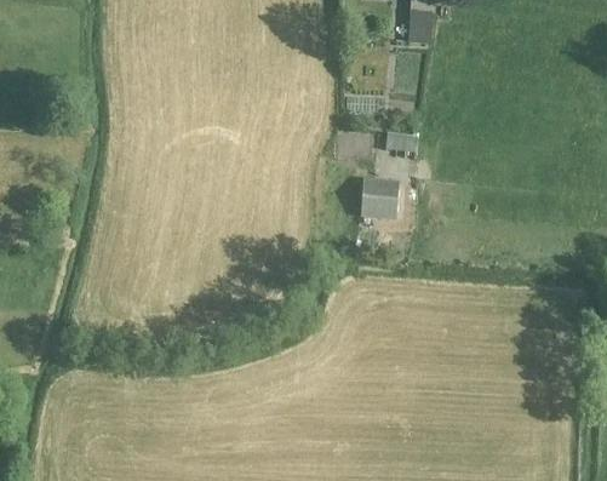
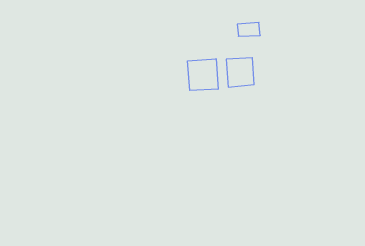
building: none -> [188,59,218,90]

